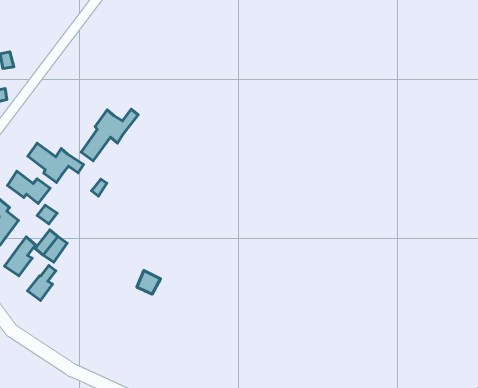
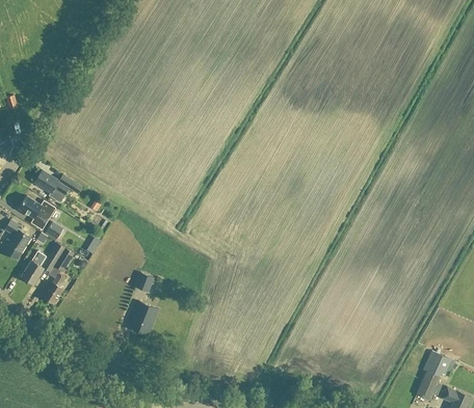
building: [81,109,138,161] -> none
building: none -> [127,302,157,335]

